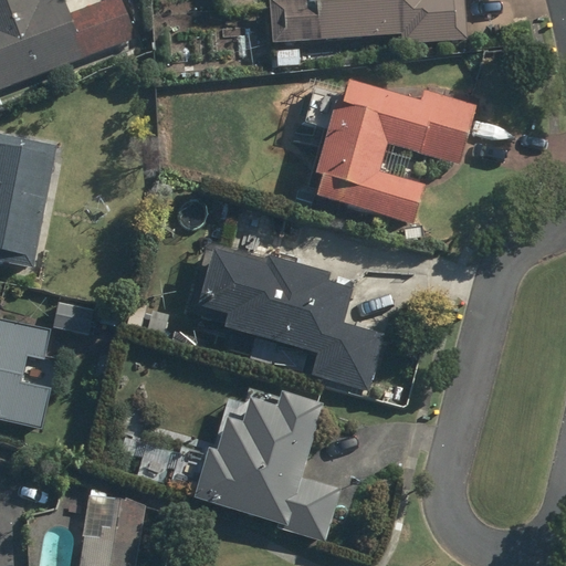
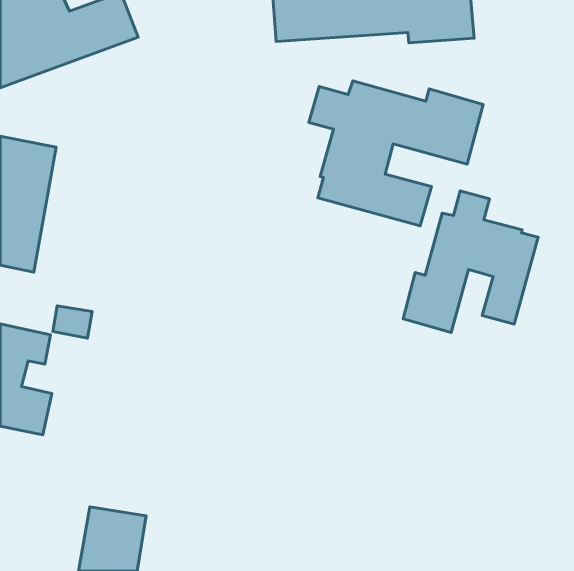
building: none -> [403,191,538,332]
building: [197,249,384,389] -> none
building: [192,390,342,535] -> none

